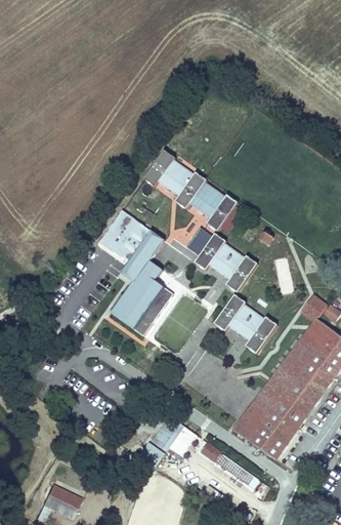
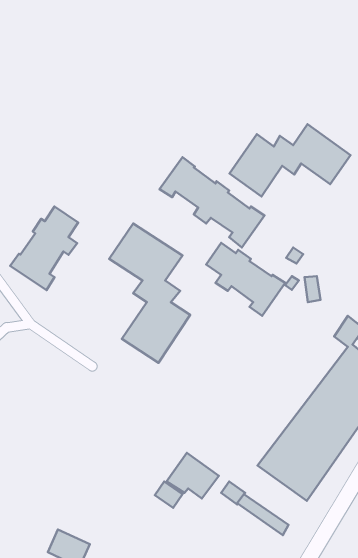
building: none -> [229,124,350,196]
building: none -> [10,207,78,290]
building: [214,294,278,355] -> none

